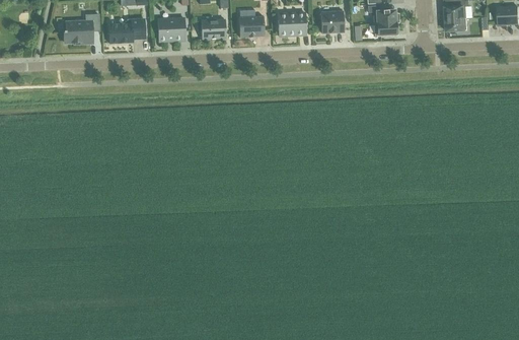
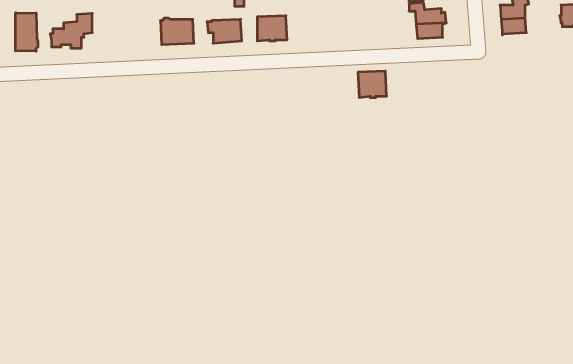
building: [319,10,344,32] -> [358,71,387,97]
building: [277,11,305,36] -> none
building: none -> [16,13,38,51]
building: [107,18,144,43] -> none

